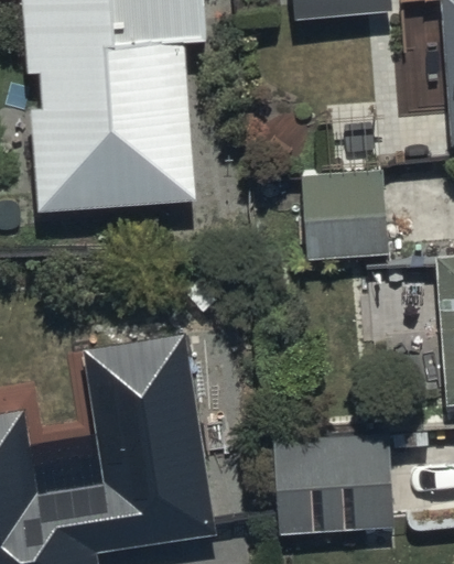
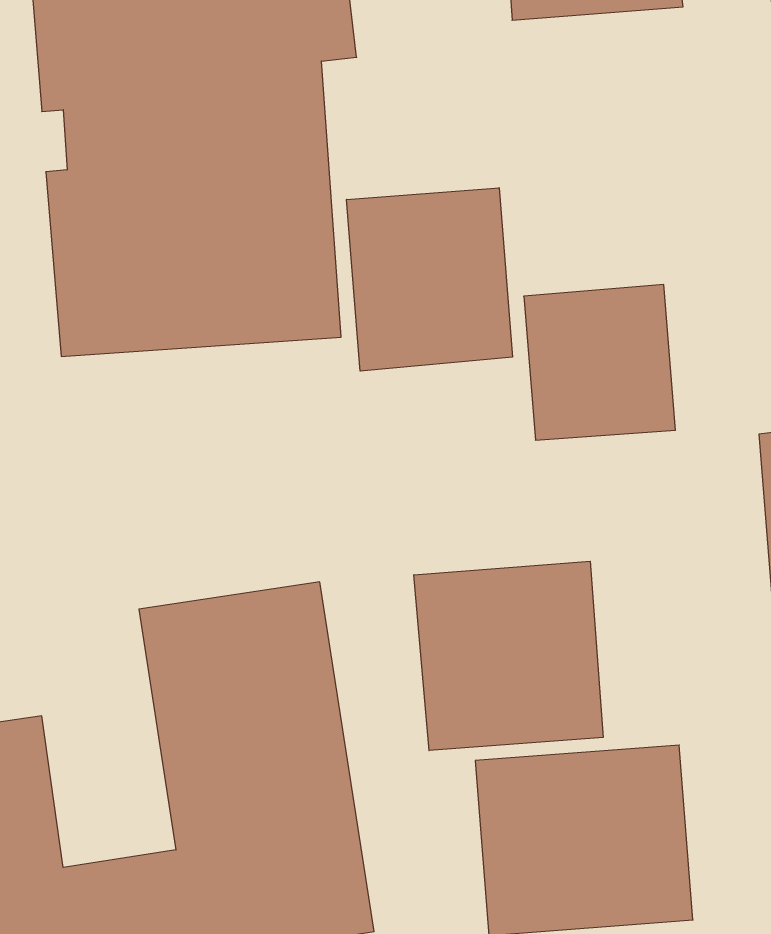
building: none -> [347,188,512,371]
building: none -> [414,561,603,751]

